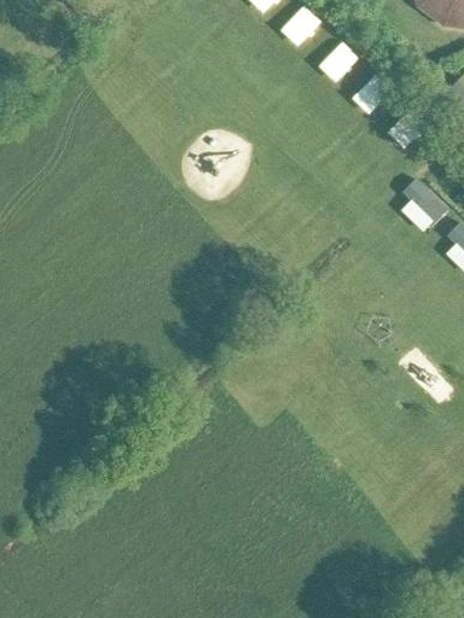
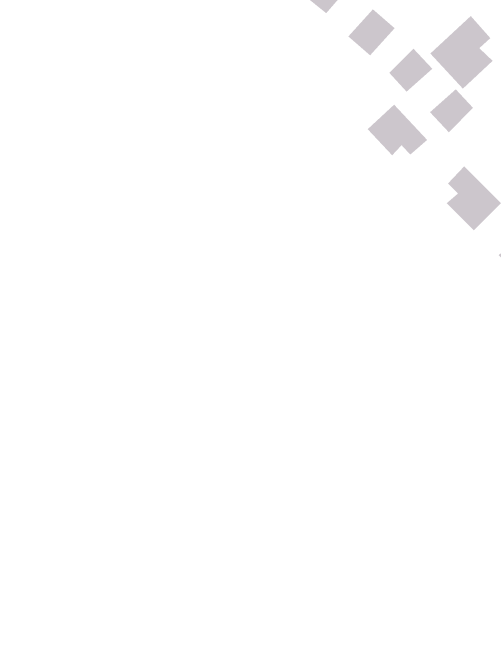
building: none -> [429,15,494,89]
building: none -> [367,104,428,156]

